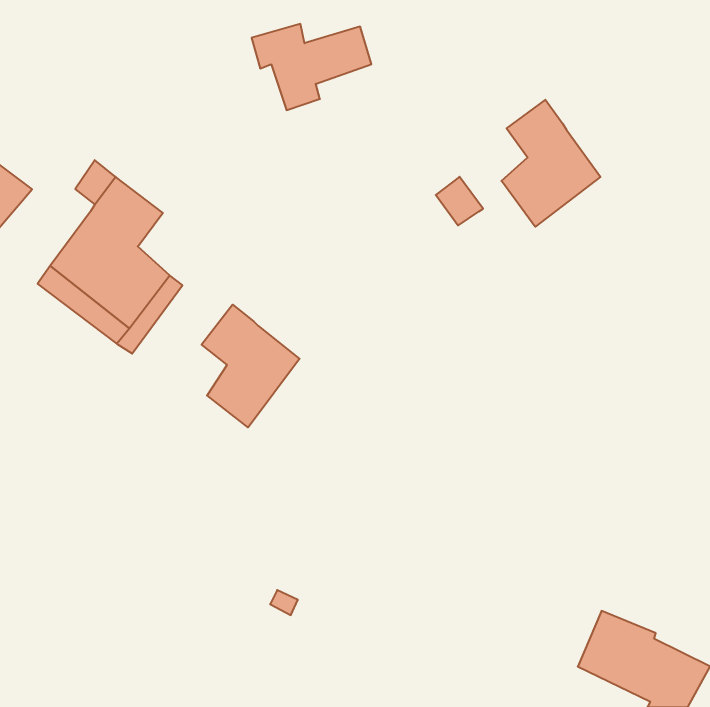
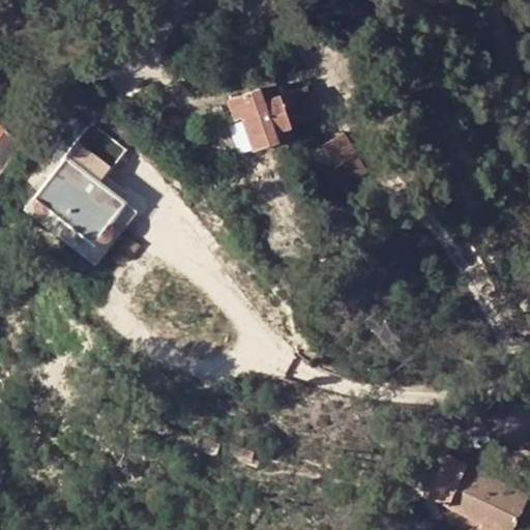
building: [252,24,371,110] -> [227,87,316,151]
building: [501,100,600,227] -> none
building: [202,305,300,427] -> none

